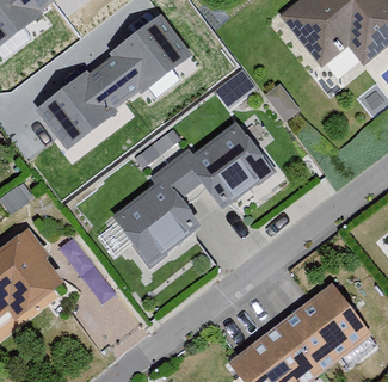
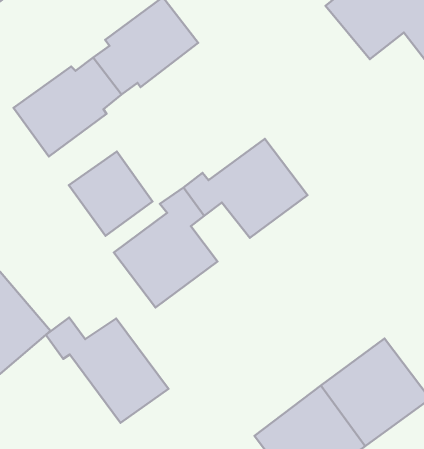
building: none -> [69,151,153,236]
building: none -> [46,317,168,423]

